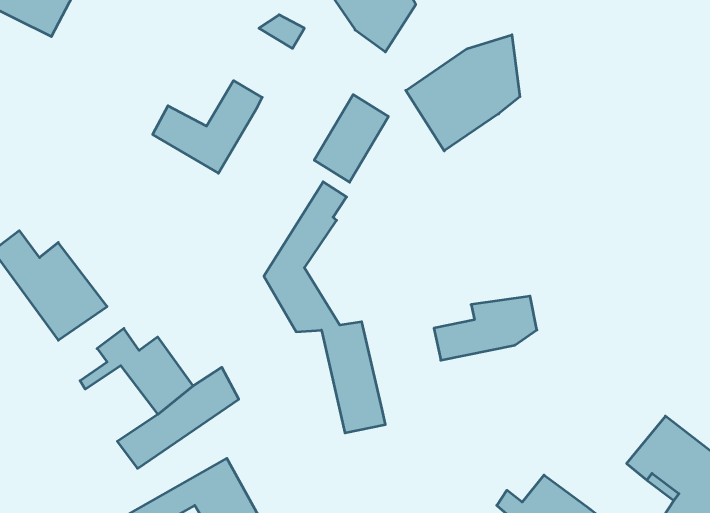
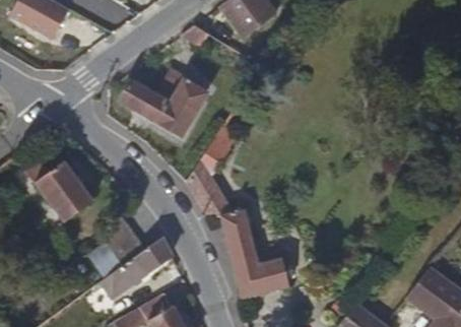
building: [406,35,520,151] -> none
building: [314,95,388,182] -> [159,82,204,135]
building: [434,296,537,360] -> [236,259,298,298]

